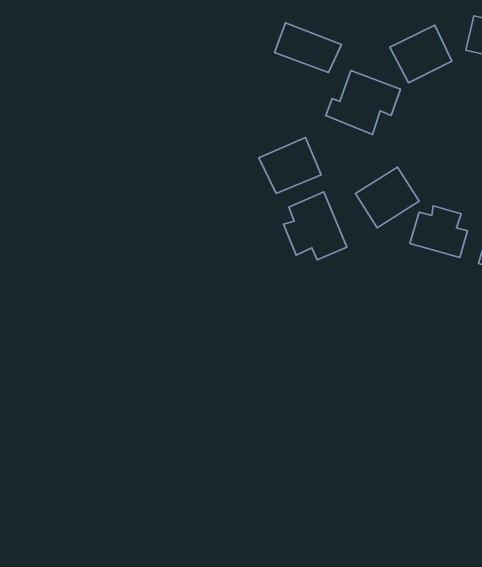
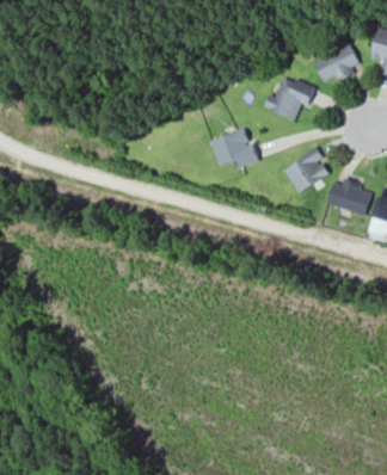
building: [275,23,341,72] -> none
building: [283,192,347,260] -> none

